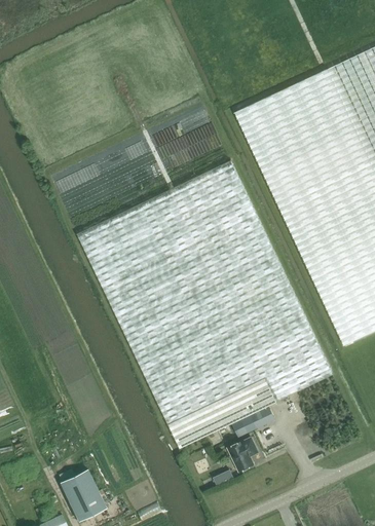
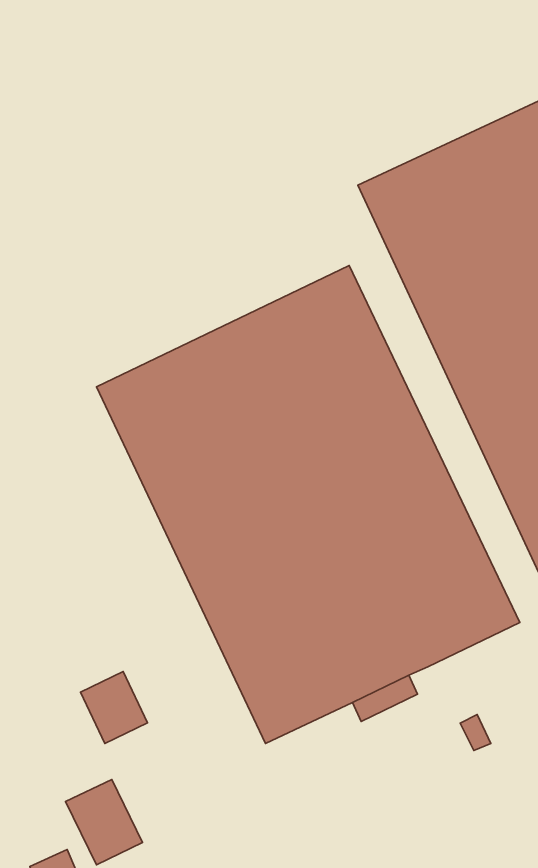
building: none -> [80,672,148,743]
building: [228,438,258,471] -> none

